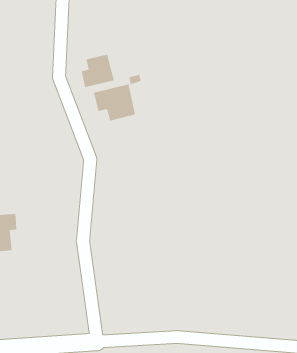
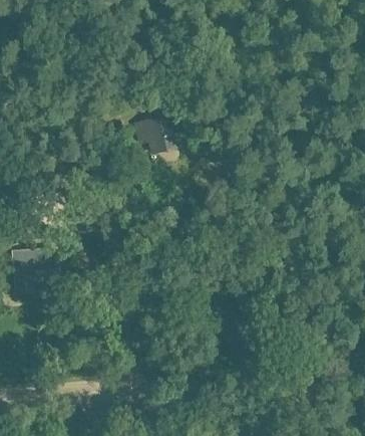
building: [81,54,114,88] -> none

